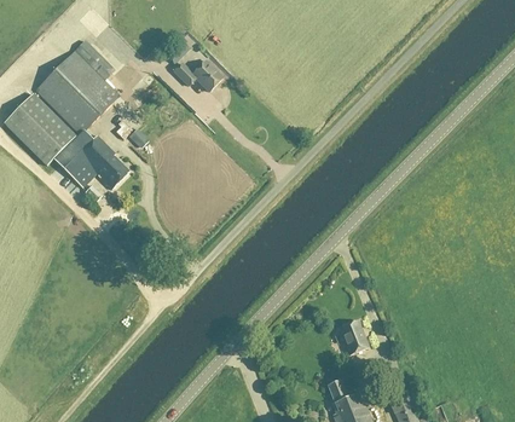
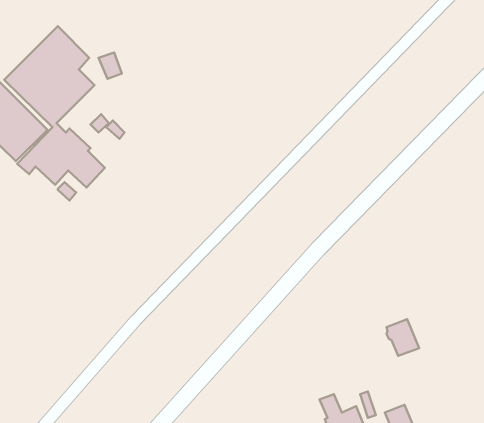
building: [173,60,221,91] -> none
building: [337,320,368,354] -> [386,319,419,356]

